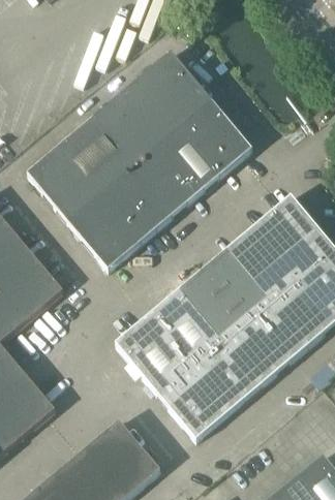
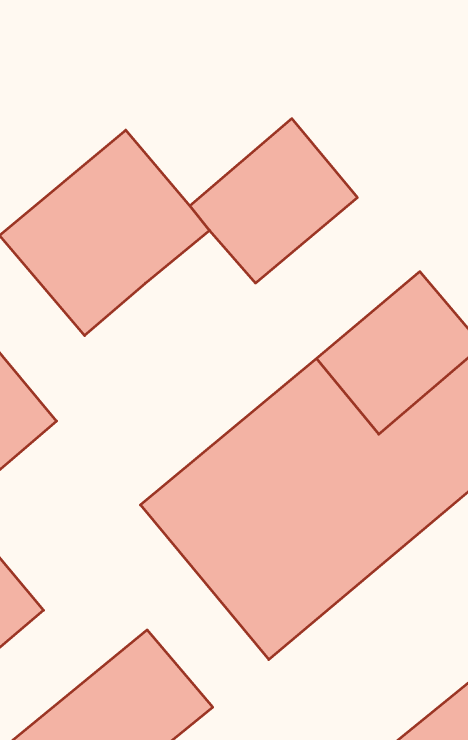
building: [105,52,210,154] -> none
building: [80,169,187,270] -> none

